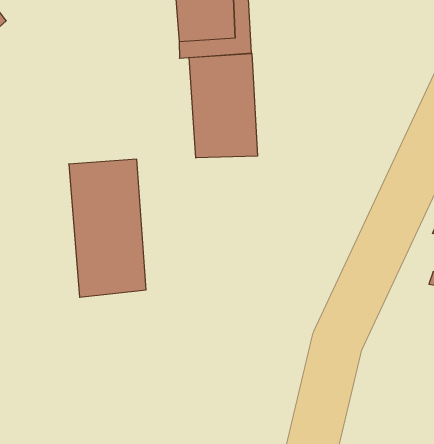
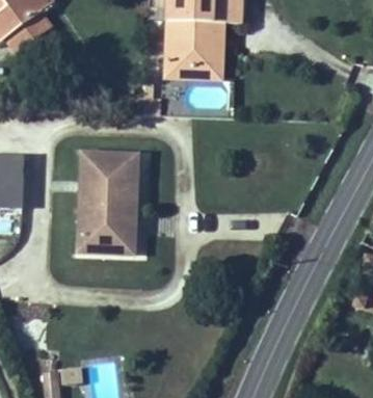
building: [189,54,257,158] -> none

